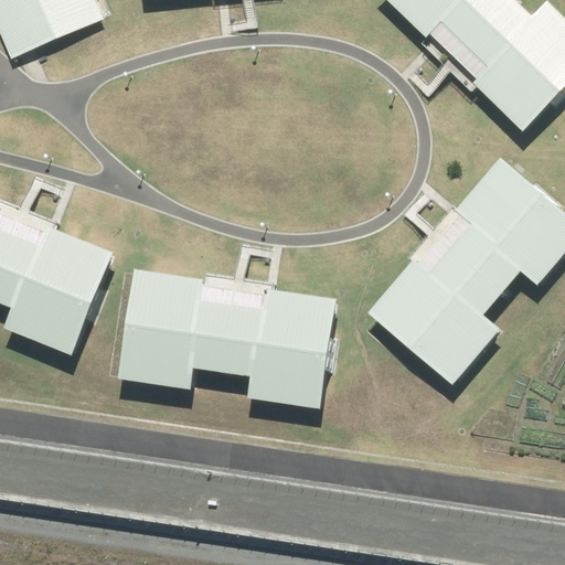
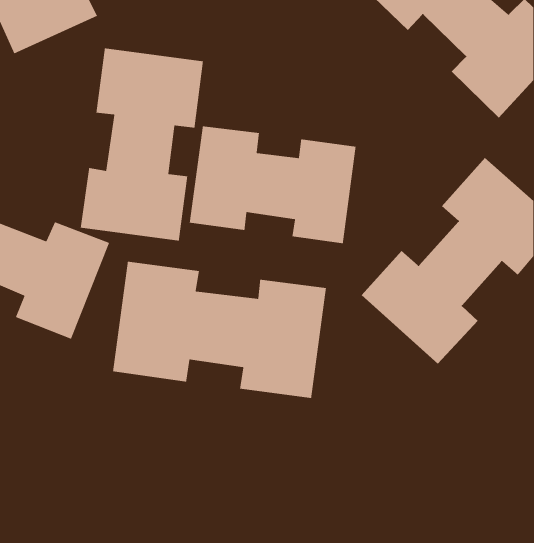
building: none -> [80,47,204,241]
building: none -> [189,125,357,244]

